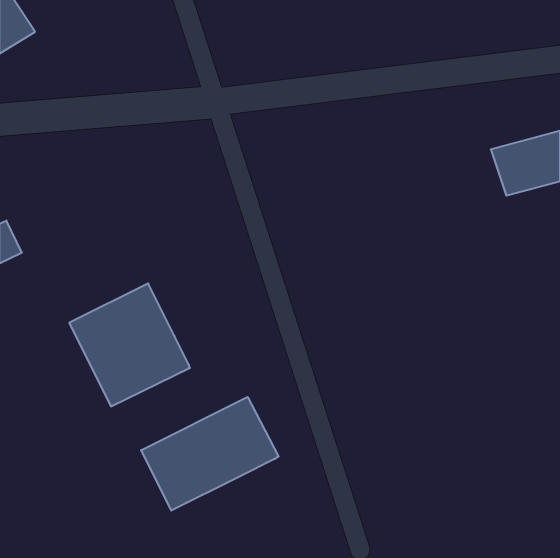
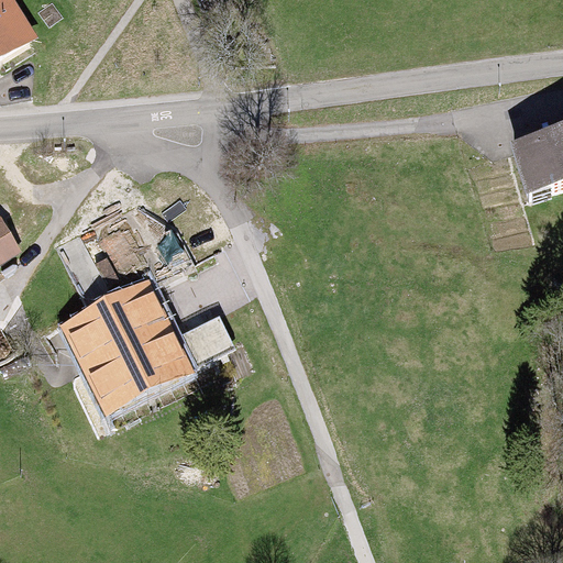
building: none -> [175,316,231,365]
building: [141,397,279,511] -> none

